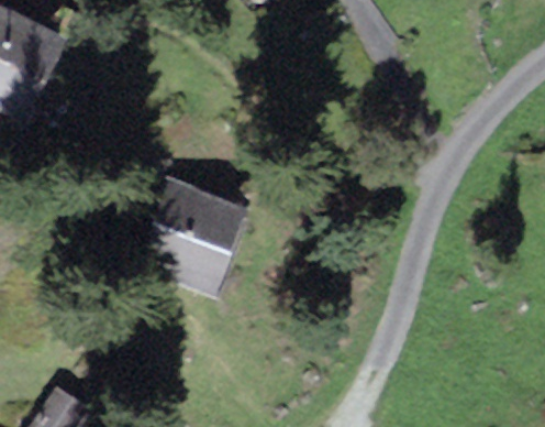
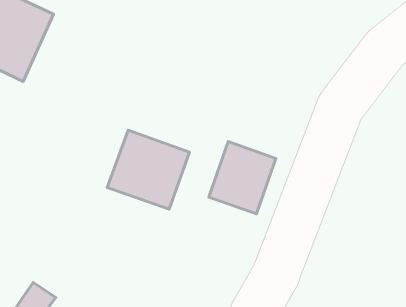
building: none -> [209,141,276,214]

